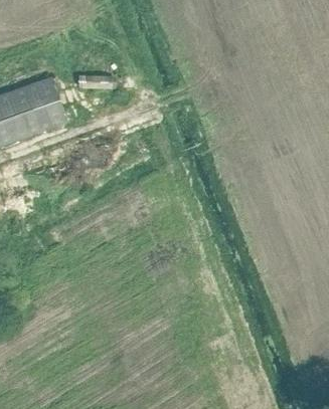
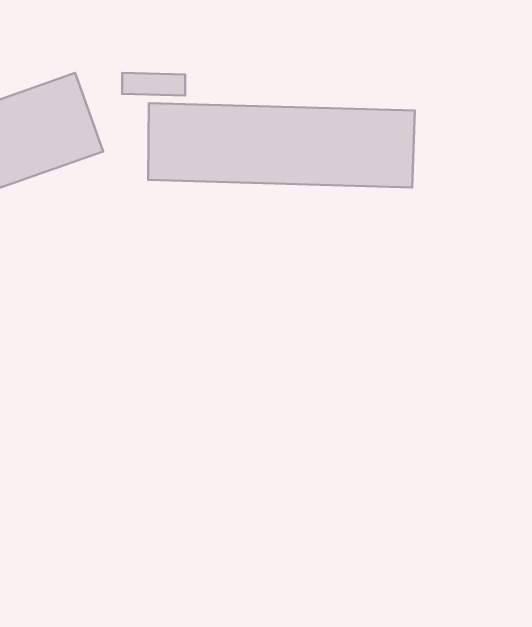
building: none -> [148,103,415,188]

